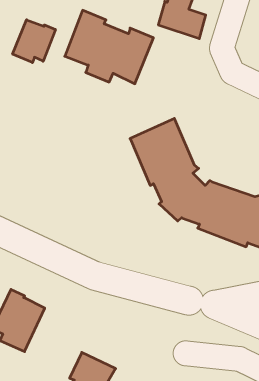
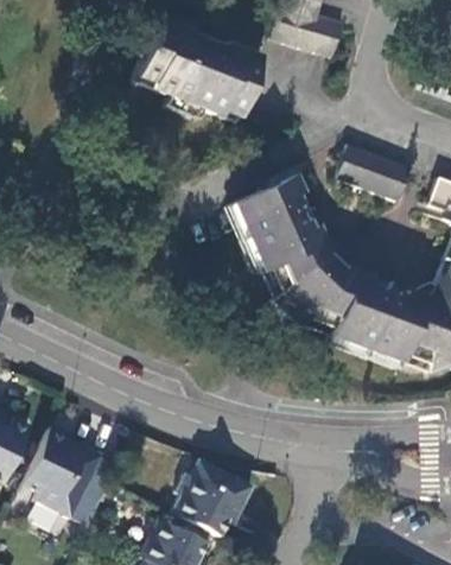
building: [13,20,55,63] -> none
building: none -> [337,147,411,202]
building: none -> [173,463,254,535]

